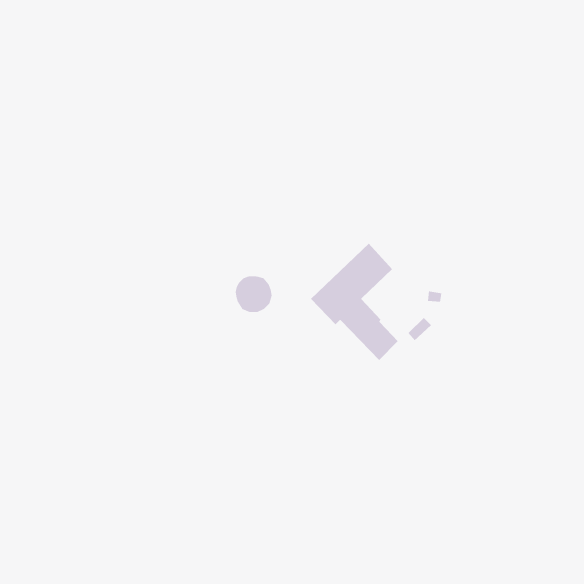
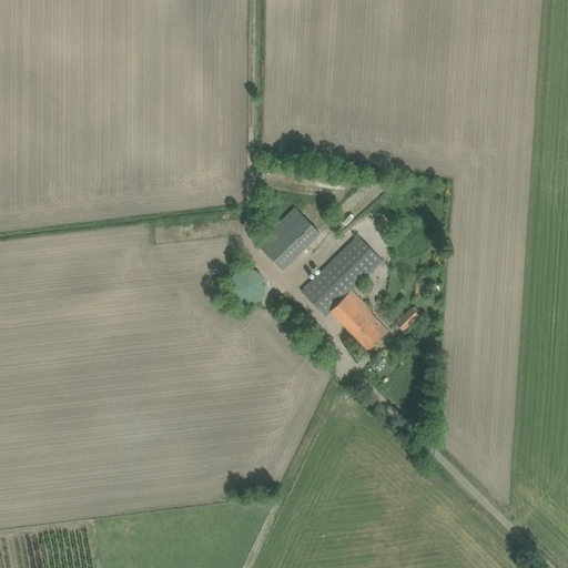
building: none -> [256,206,318,268]

